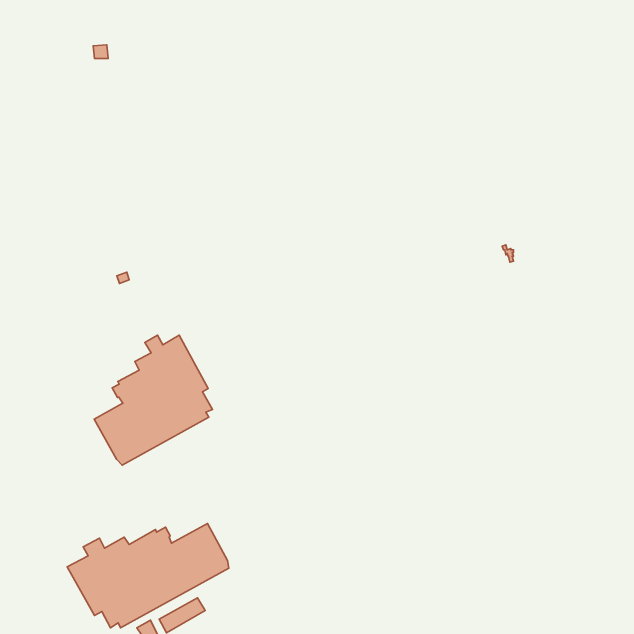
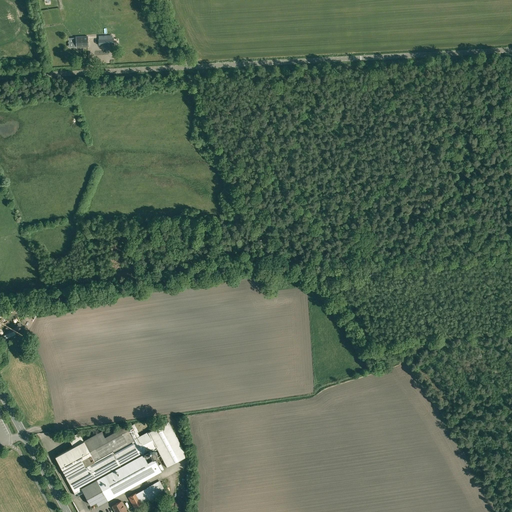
building: [94,335,212,465] -> none

